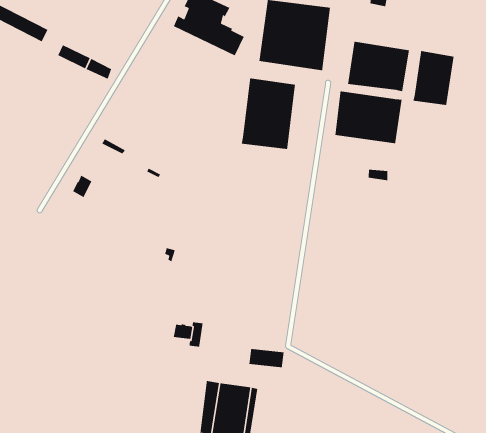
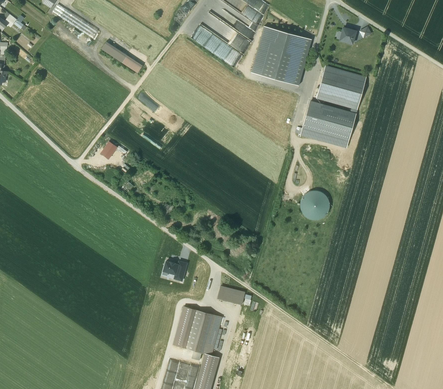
building: [413,50,454,106] -> none
building: [241,77,296,150] -> none
building: none -> [299,188,331,221]

